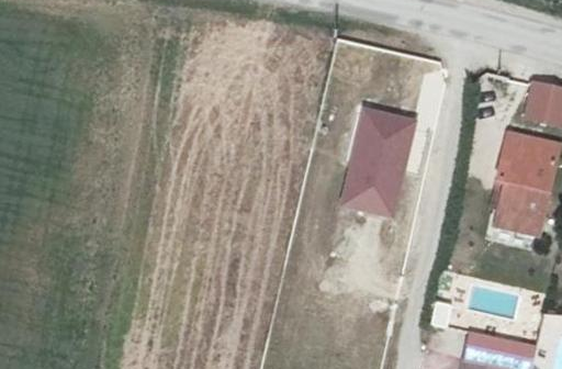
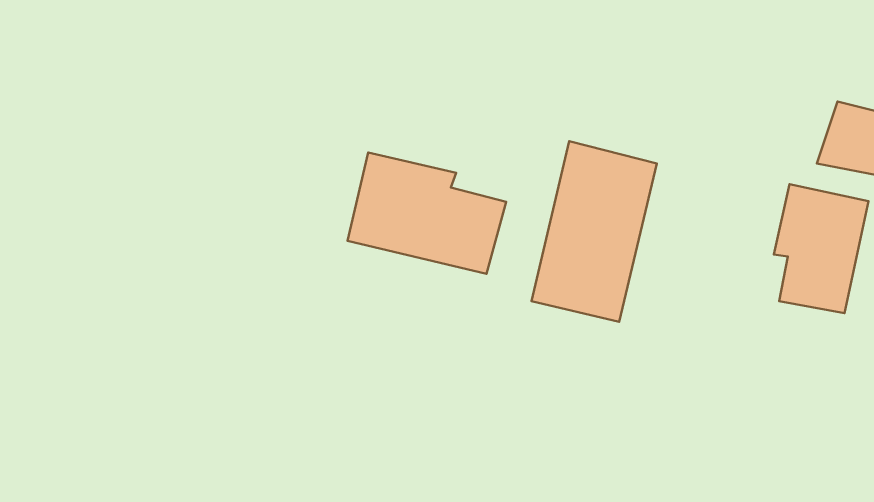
building: none -> [347,152,506,274]
building: [486,178,541,231] -> none

